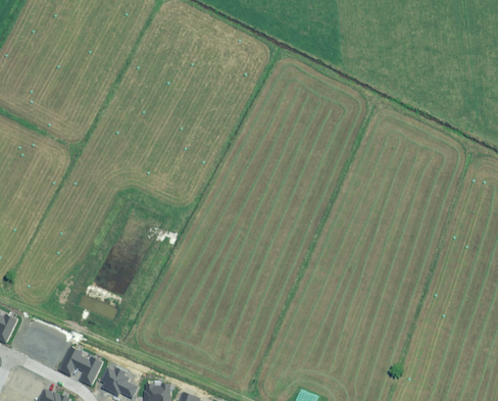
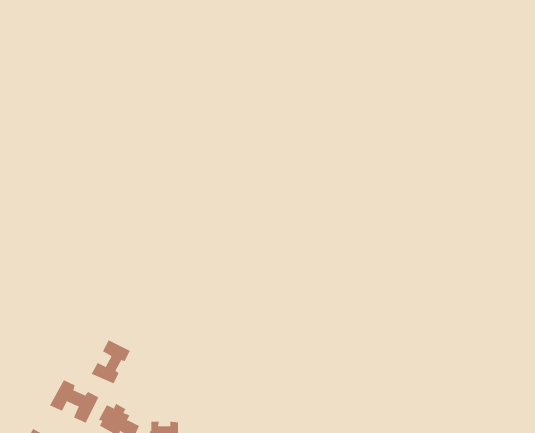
building: none -> [91,340,131,384]

